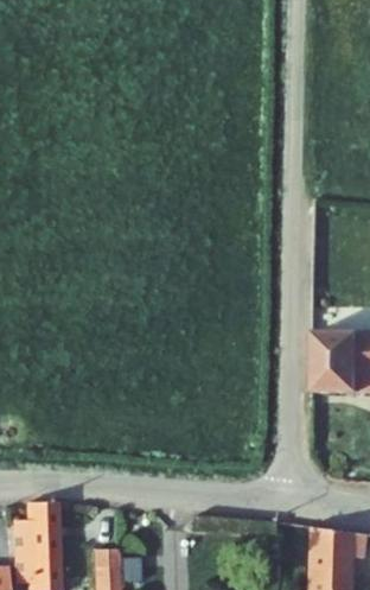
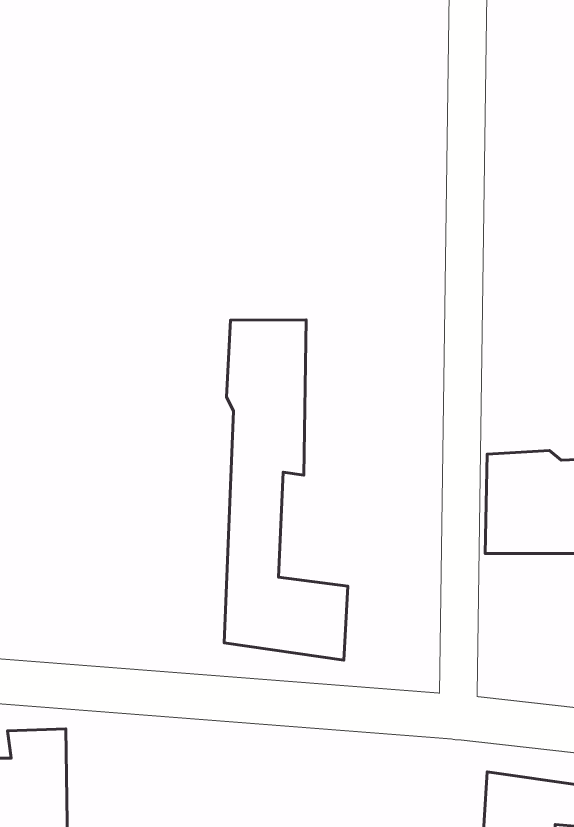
building: none -> [224,320,348,660]

